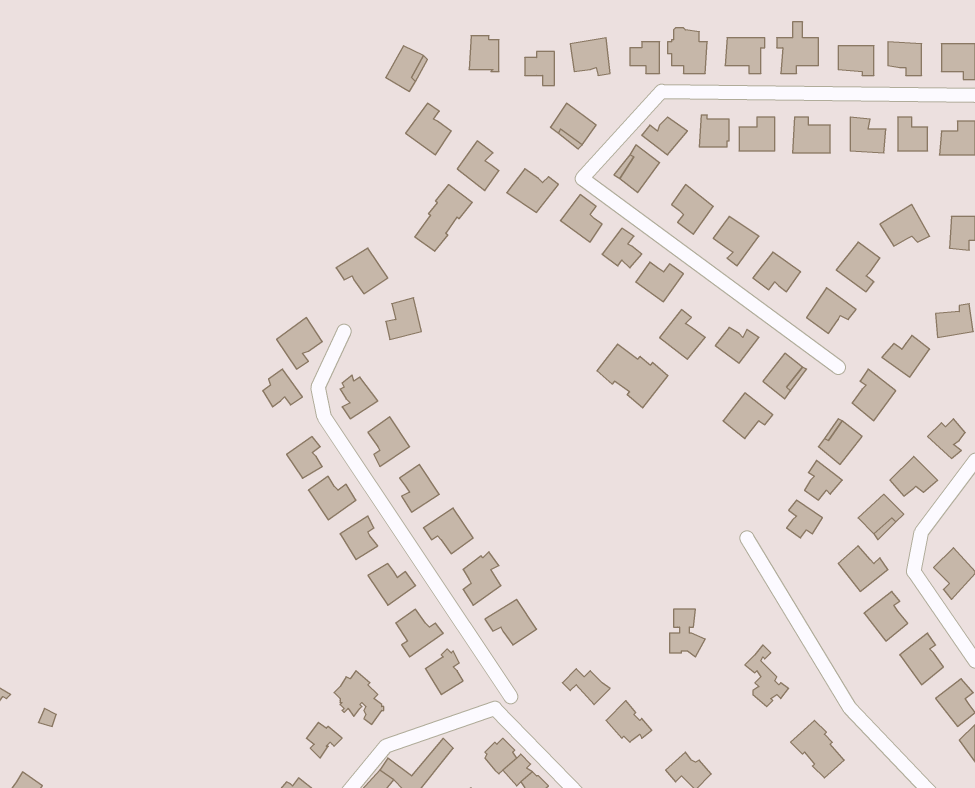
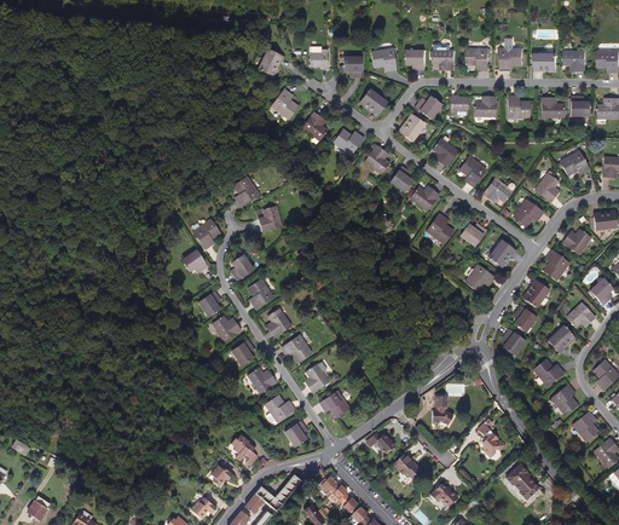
building: [415,185,472,251] -> none
building: [597,344,668,408] -> none

